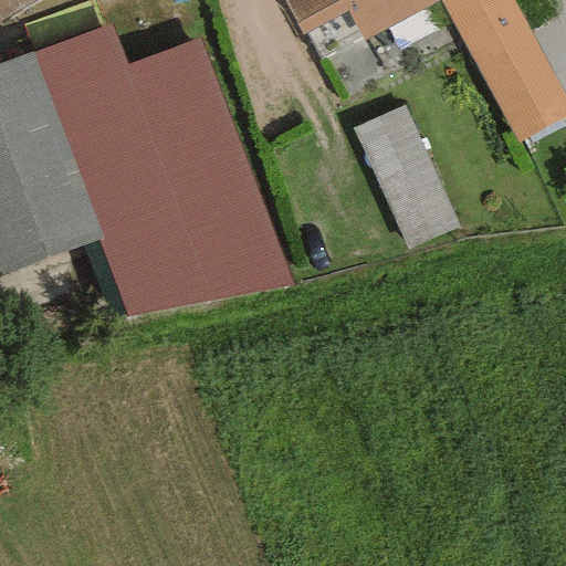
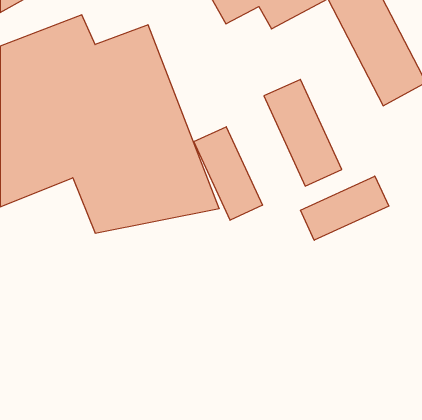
building: none -> [194,127,262,220]
building: none -> [300,176,389,240]

